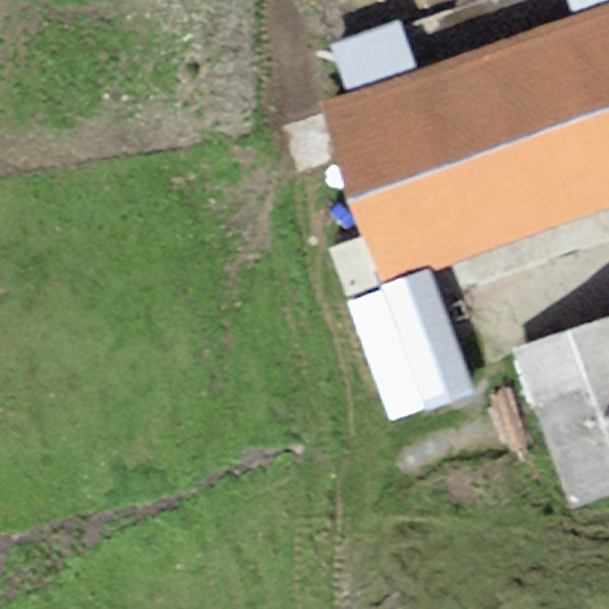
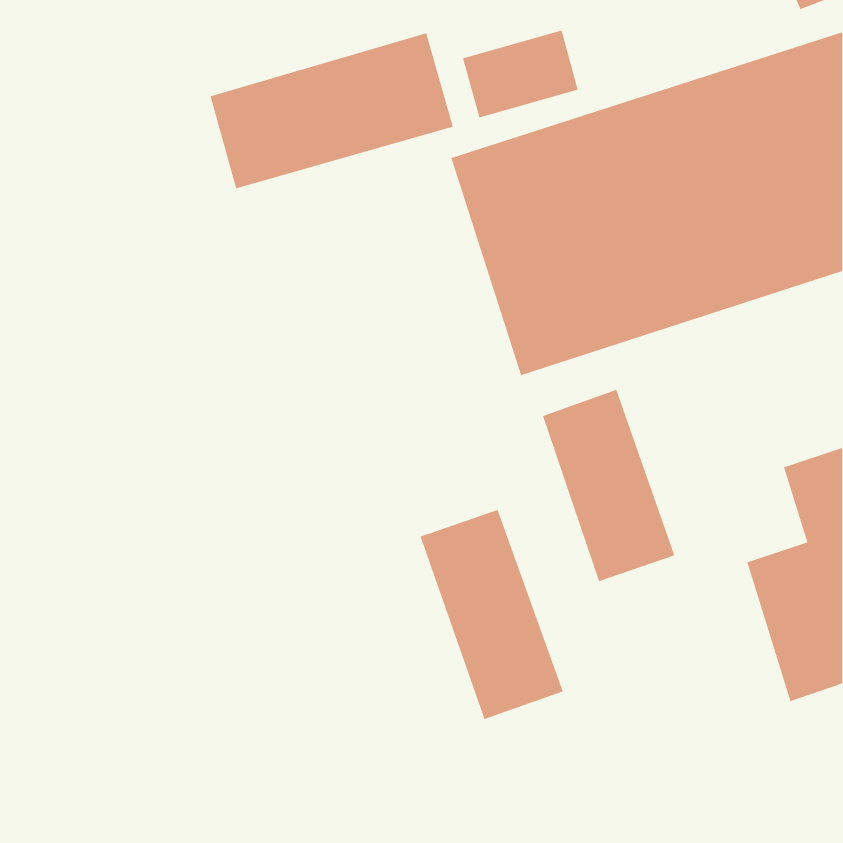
building: none -> [210,32,454,189]
building: none -> [420,509,564,720]

